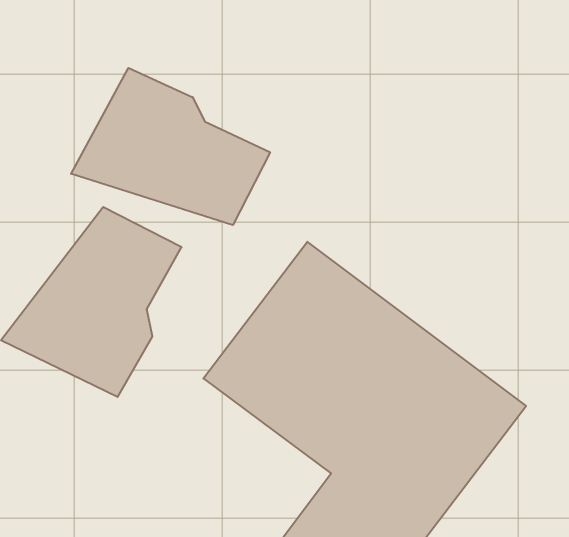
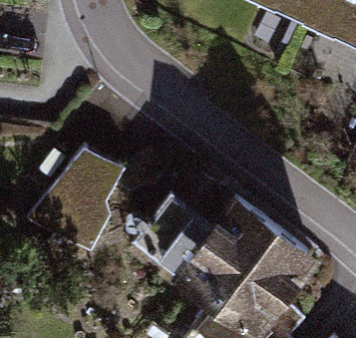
building: [71,68,270,225] -> none

